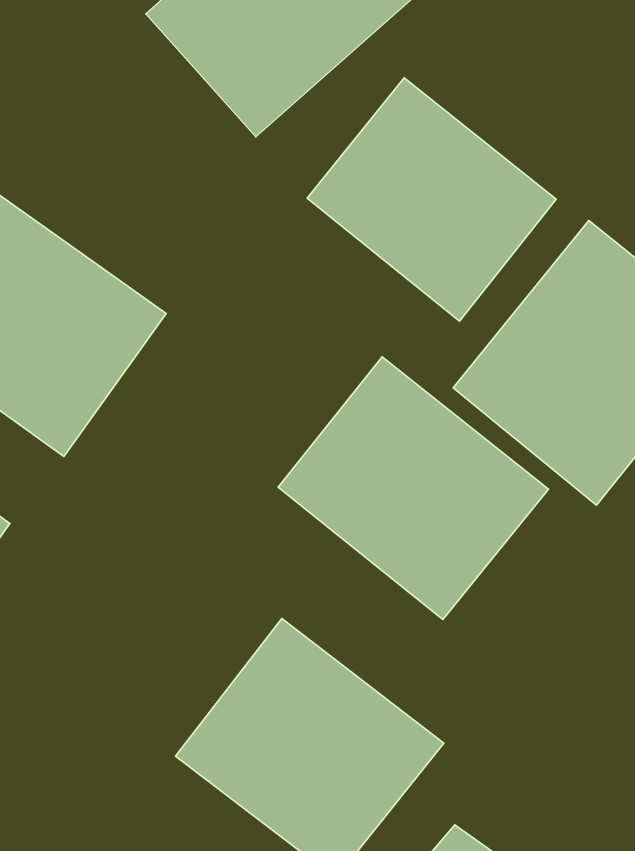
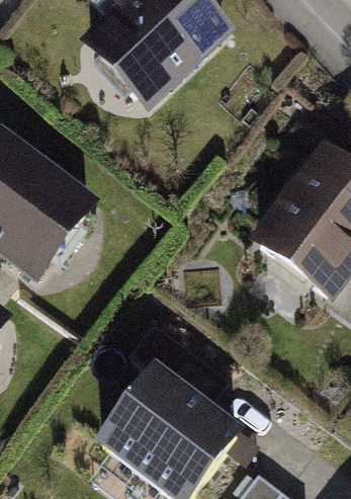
building: [307,78,556,321] -> none
building: [278,357,548,620] -> none

